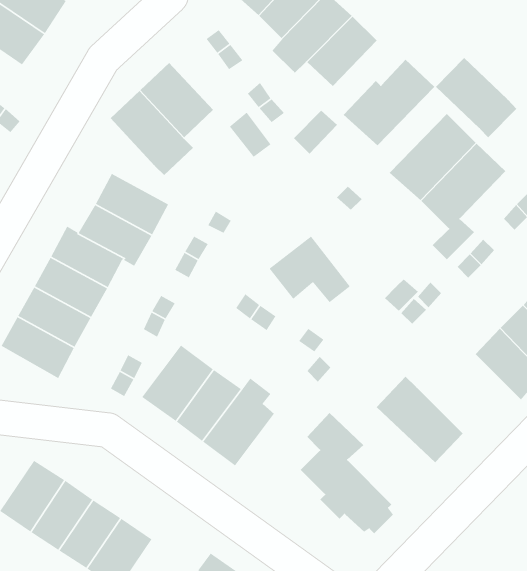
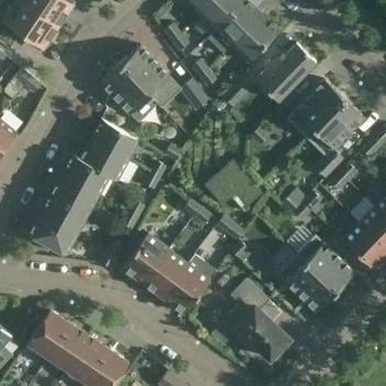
building: [435,57,517,138] -> none
building: none -> [296,236,354,293]

